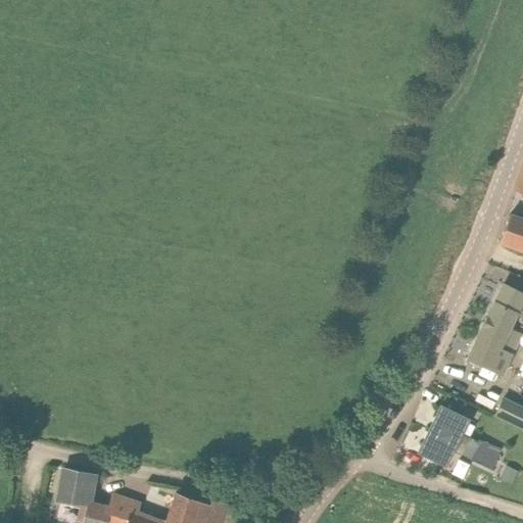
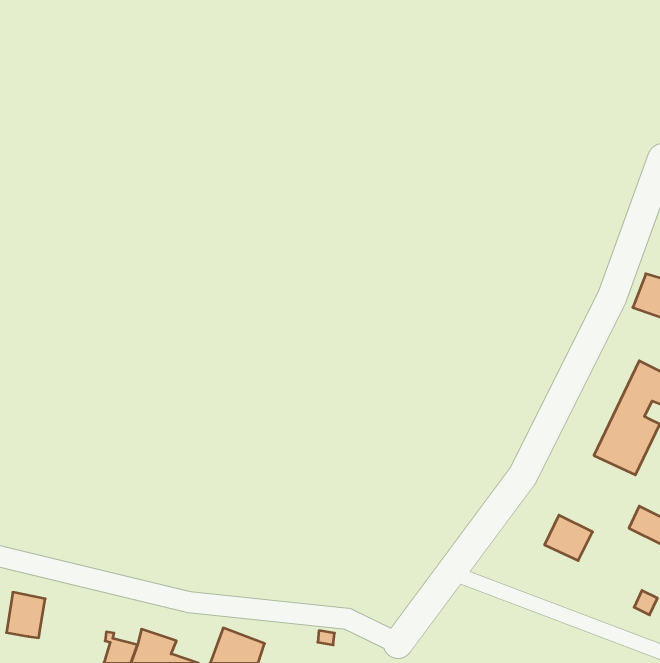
building: [420,429,458,466] -> none
building: [463,438,502,469] -> none
building: [59,469,90,505] -> [6,592,45,638]

